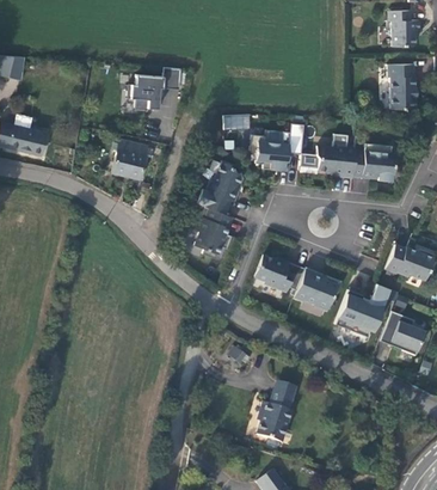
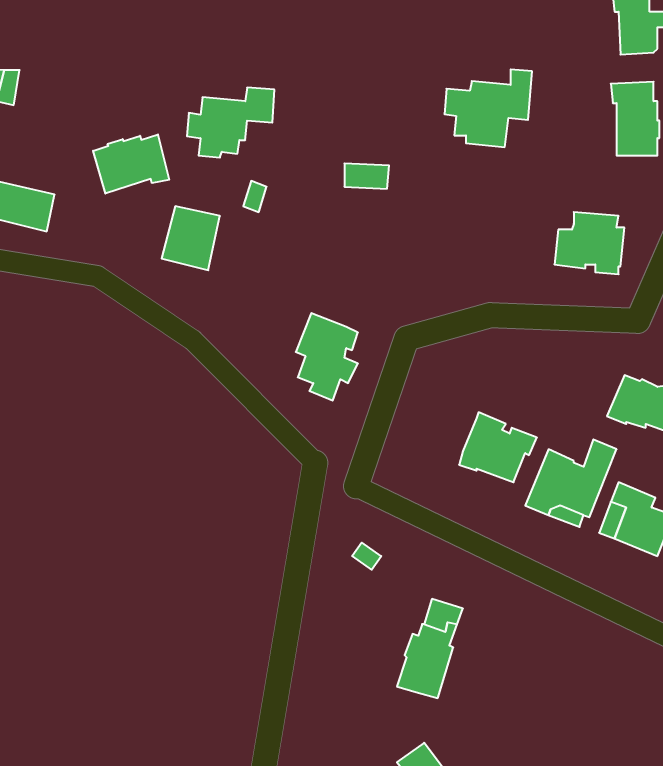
building: none -> [93,134,169,194]
building: [251,123,304,171] -> [444,69,532,147]
building: [316,145,356,177] -> none
building: [198,161,241,214] -> none
building: [254,256,306,293] -> none

